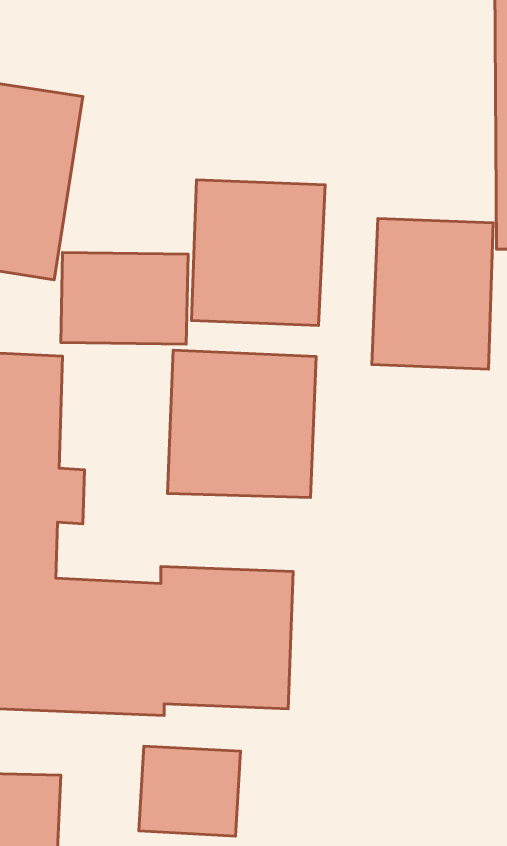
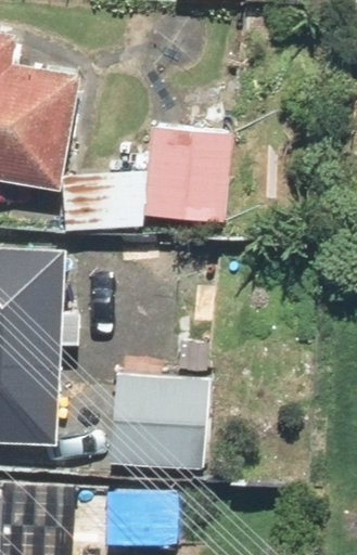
building: [372,219,493,369] -> none
building: [167,350,316,498] -> none

